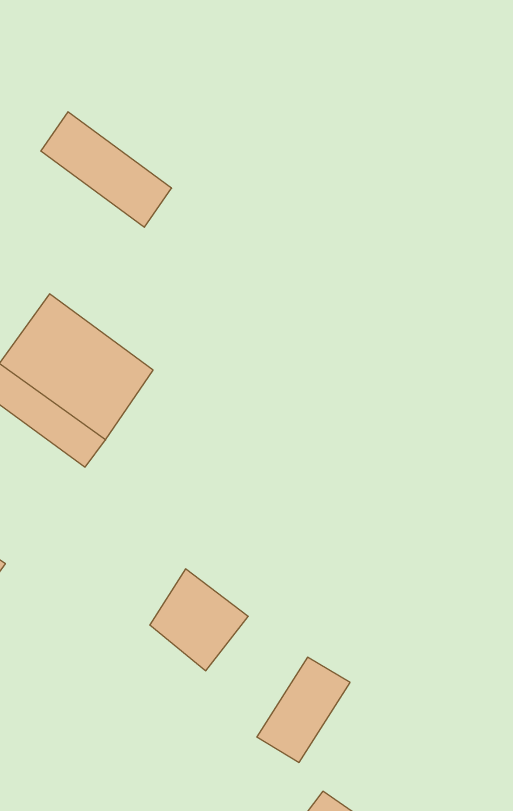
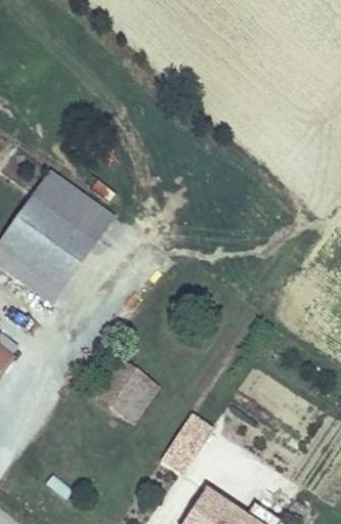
building: [41,112,172,227] -> [35,168,114,237]

